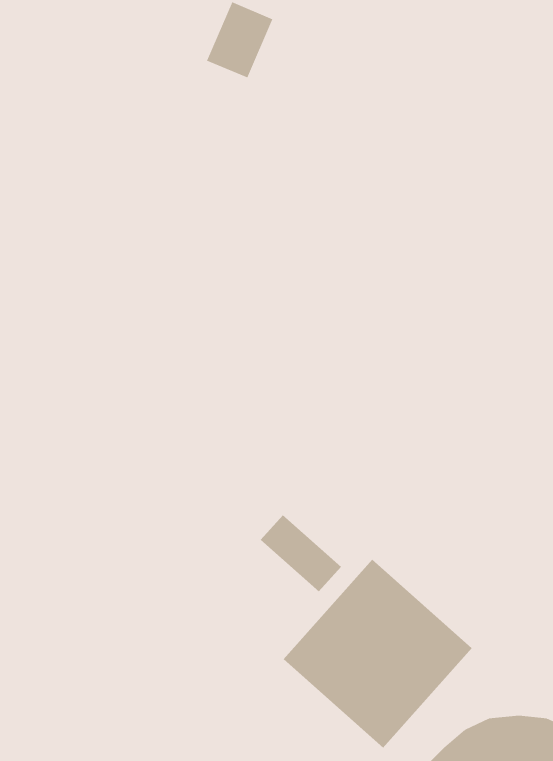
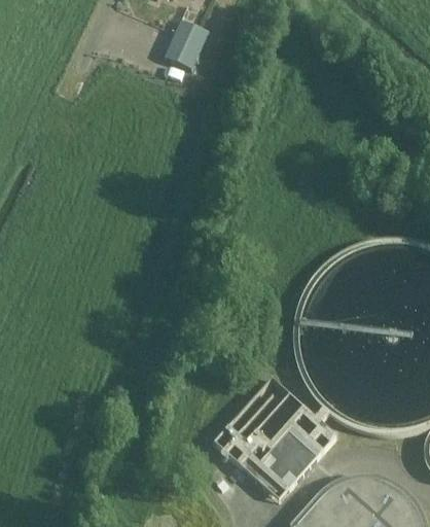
building: [260,514,342,592] -> none

